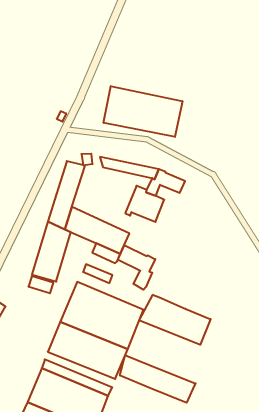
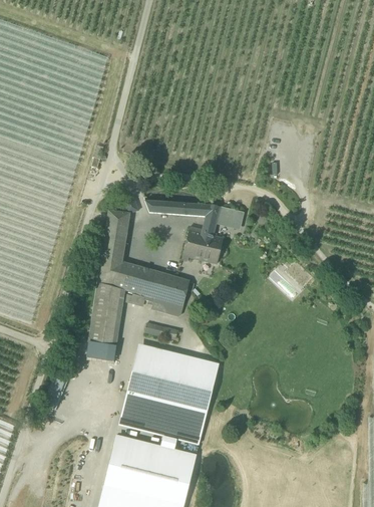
building: [104,86,182,137] -> none
building: [118,245,155,290] -> none
building: [139,295,211,345] -> none
building: [120,355,196,403] -> none

